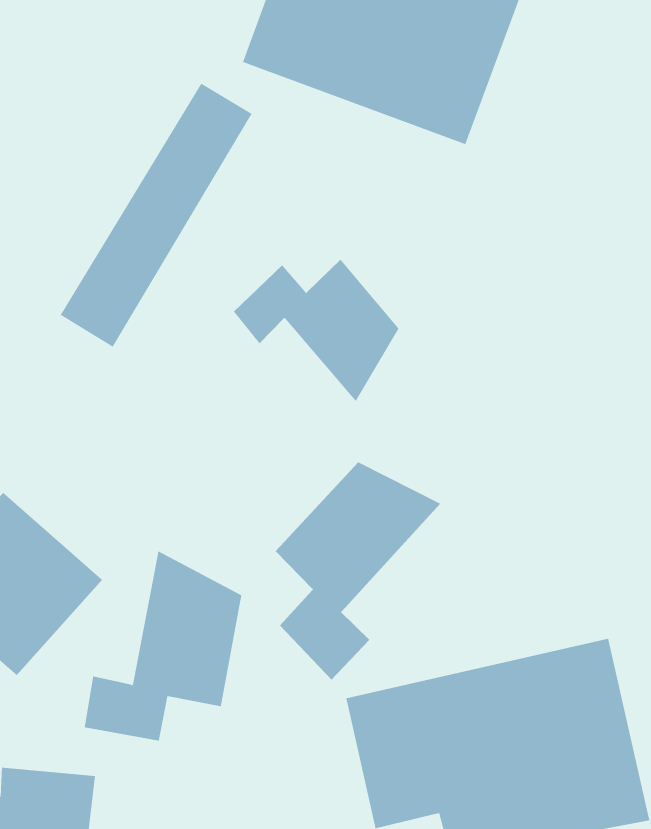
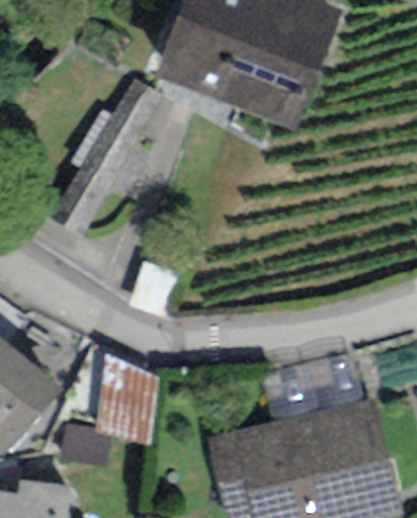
building: [233,259,399,402] -> none
building: [275,461,441,680] -> none

